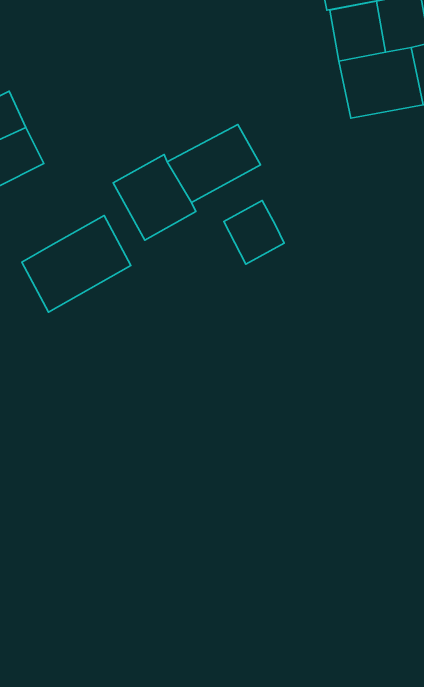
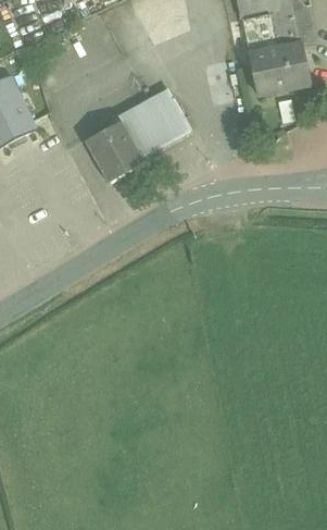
building: [224,201,284,264] -> none
building: [22,216,131,312] -> none

